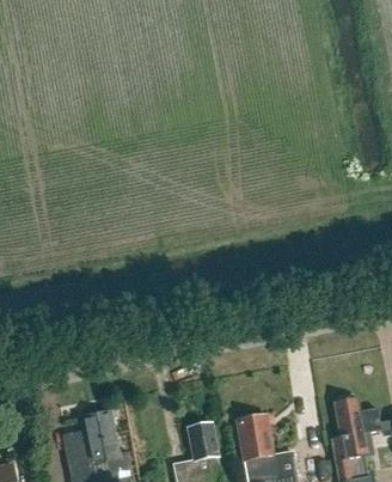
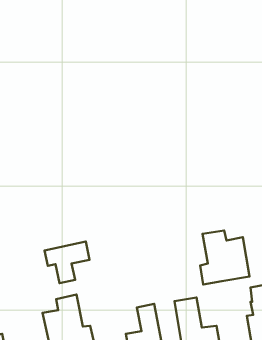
building: none -> [200,230,250,284]
building: none -> [45,241,90,283]

